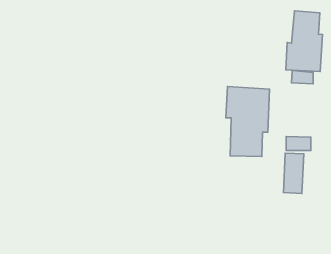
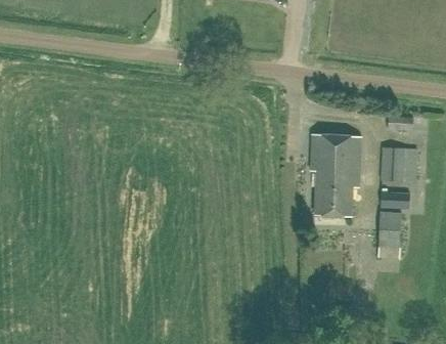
building: [286,11,323,71] -> none
building: none -> [380,148,417,182]

